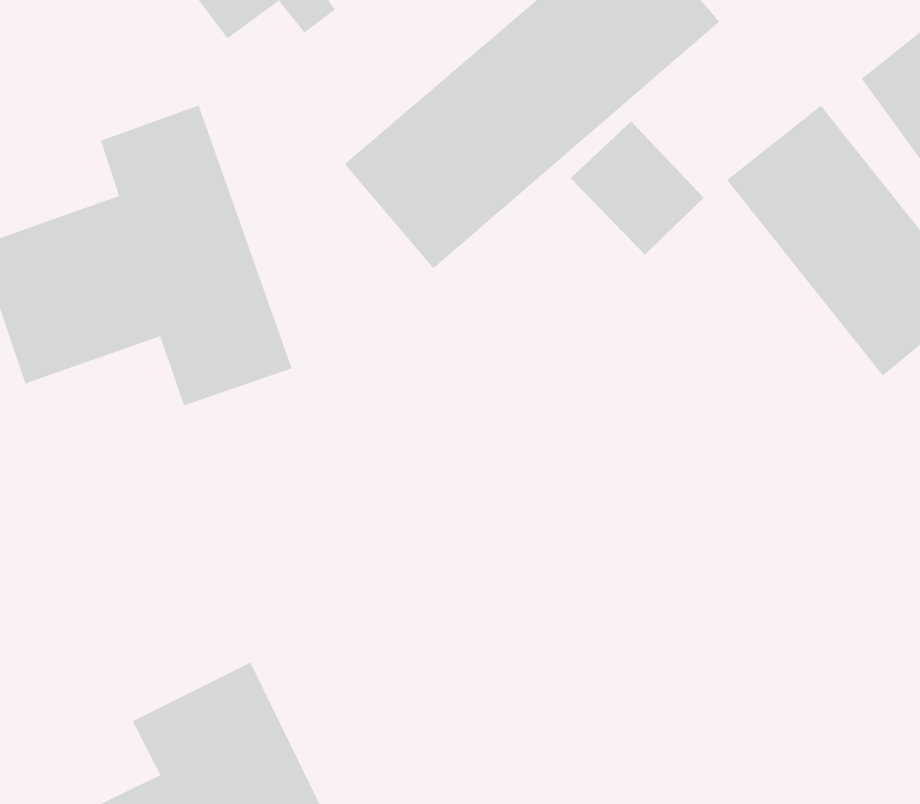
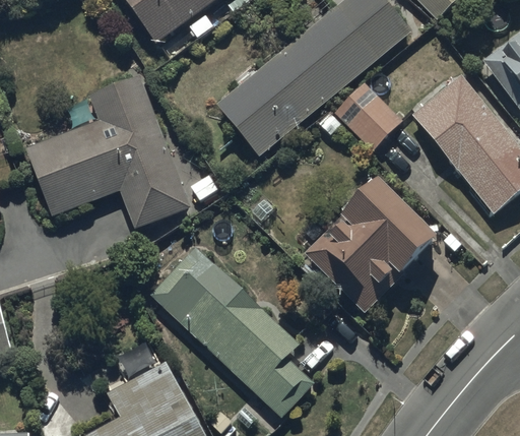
building: none -> [306,173,439,311]
building: none -> [150,245,315,418]

